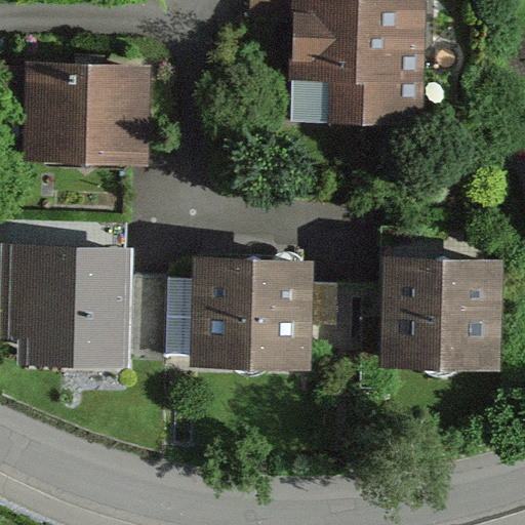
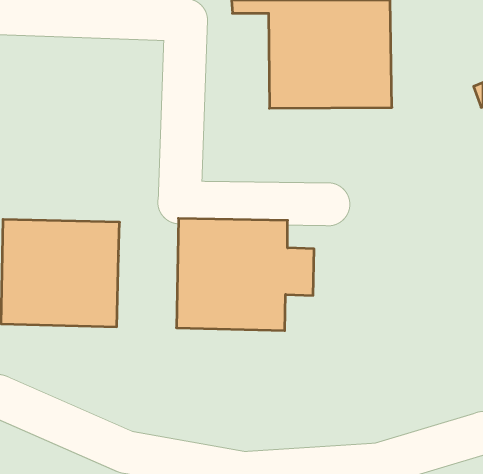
building: [24,65,151,164] -> none
building: [379,250,502,369] -> none

